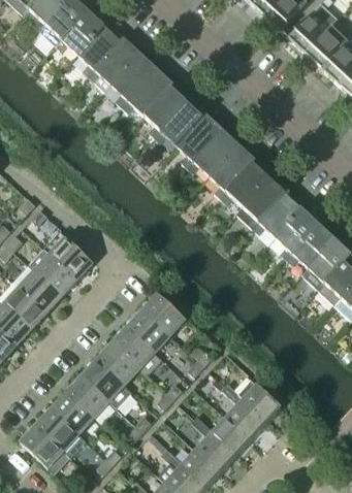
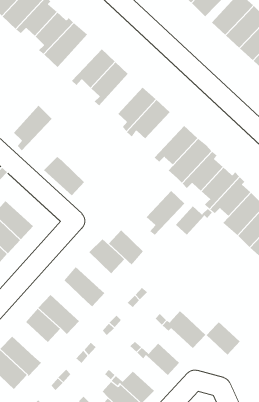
building: [110,52,157,106] -> [13,105,52,151]
building: [154,98,205,145] -> none
building: [209,143,255,197] -> [146,190,185,236]
building: [42,231,92,278] -> [43,156,85,196]
building: none -> [175,205,213,235]
building: [126,309,168,352] -> [108,230,144,265]
building: [96,342,138,384] -> none
building: [51,392,93,433] -> none
building: [224,400,265,440] -> [206,321,241,355]
building: [194,432,235,473] -> none

